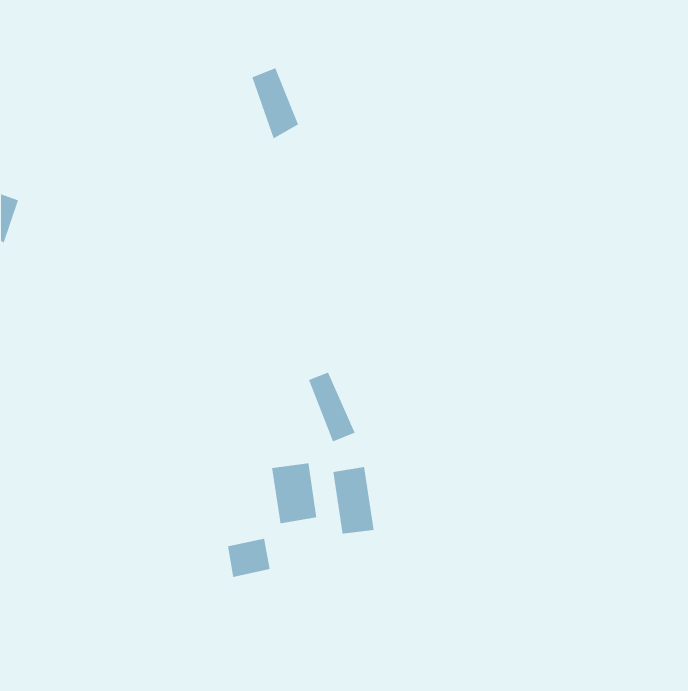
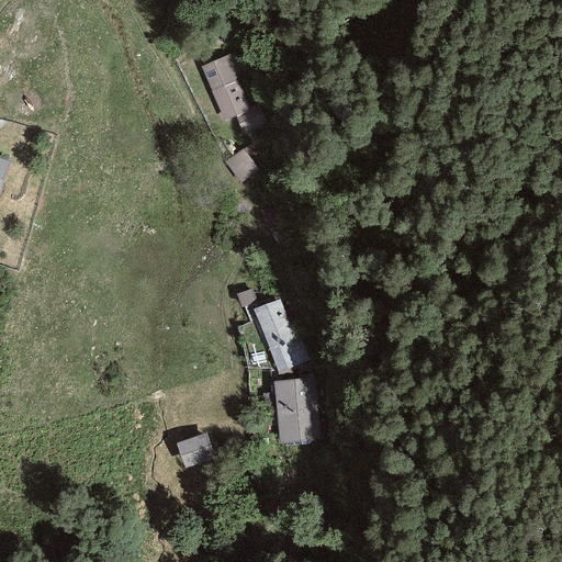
building: [272,462,317,524] -> none

